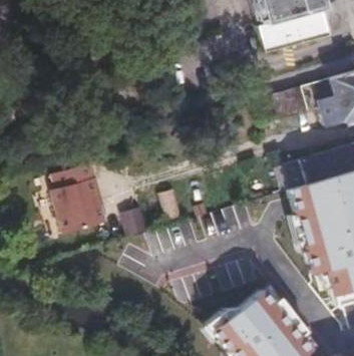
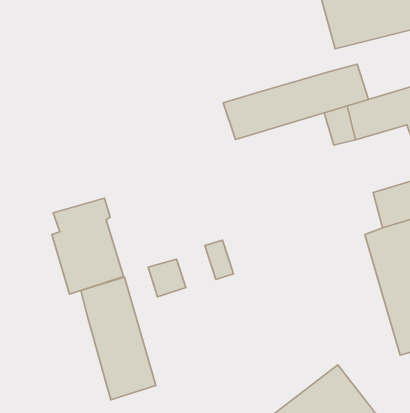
building: none -> [223,64,369,139]
building: none -> [81,277,156,400]

